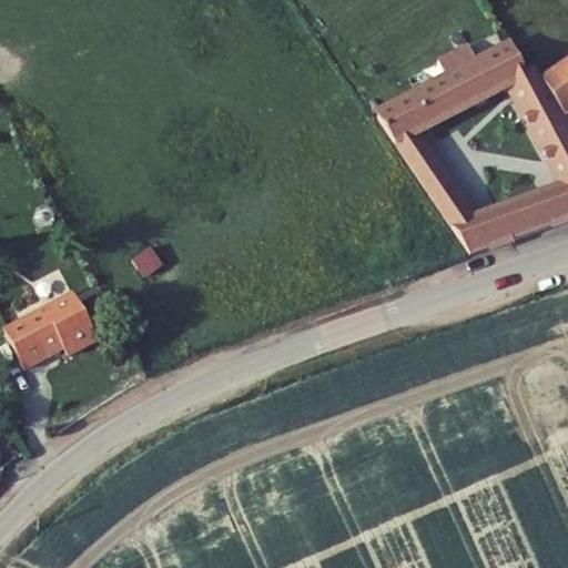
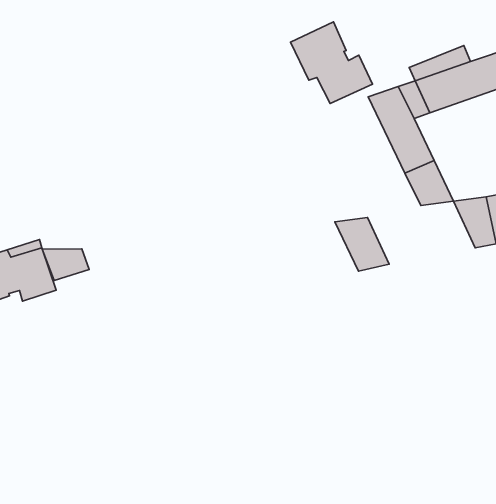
building: none -> [291,22,373,104]
building: [443,201,501,254] -> [335,218,389,271]
building: none -> [42,249,89,281]

